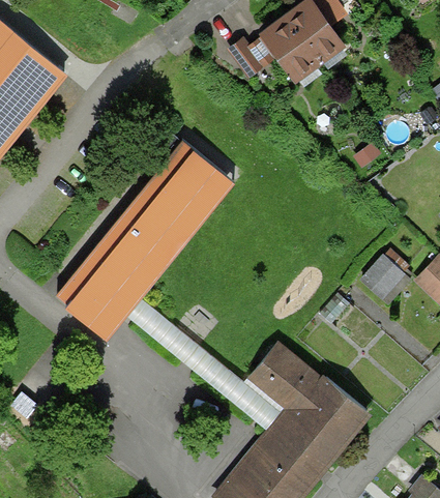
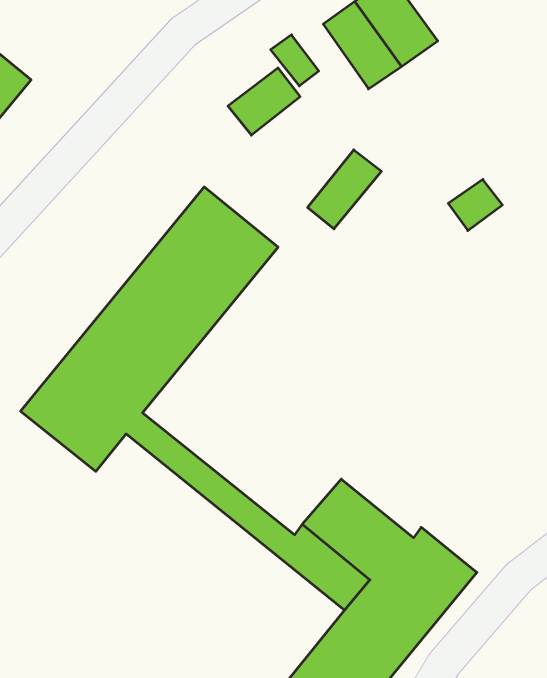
building: none -> [228,68,300,135]
building: none -> [308,150,381,229]
building: [360,256,402,297] -> none

